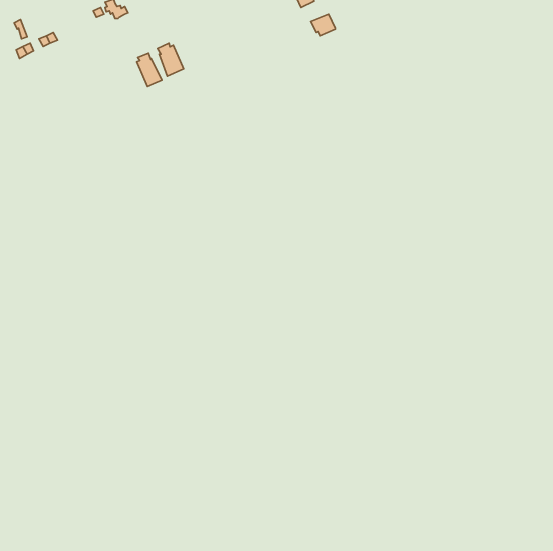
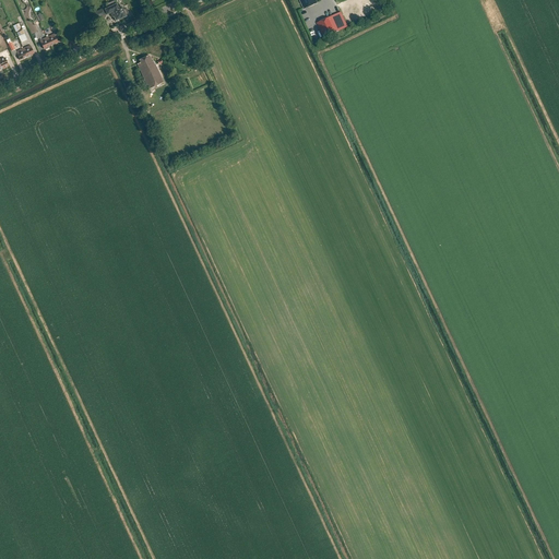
building: [158,43,184,76] -> none

